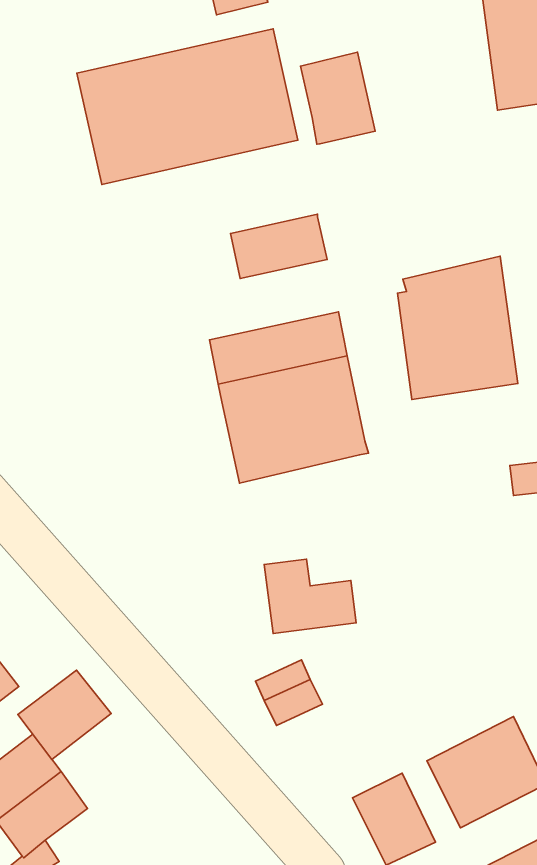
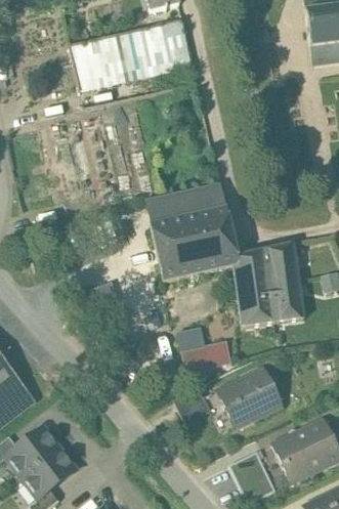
building: [301,52,375,144] -> none
building: [231,214,327,279] -> none
building: [398,256,518,399] -> [234,243,303,326]
building: none -> [216,366,283,428]
building: [18,670,111,759] -> none

